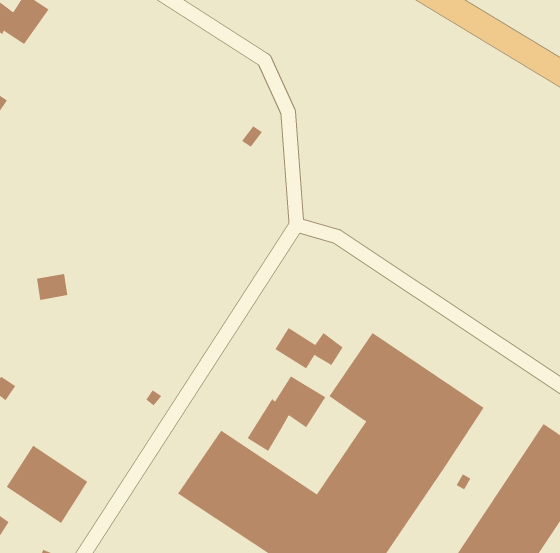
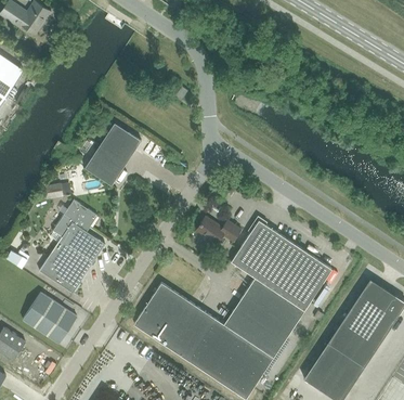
building: none -> [84,122,141,185]
building: none -> [39,199,105,293]
building: [247,376,326,452] -> none

